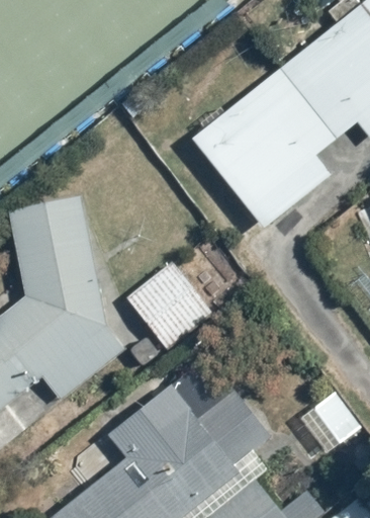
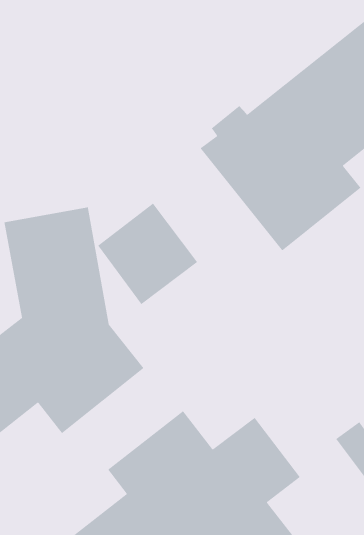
building: [125,259,218,353] -> [97,203,198,305]

